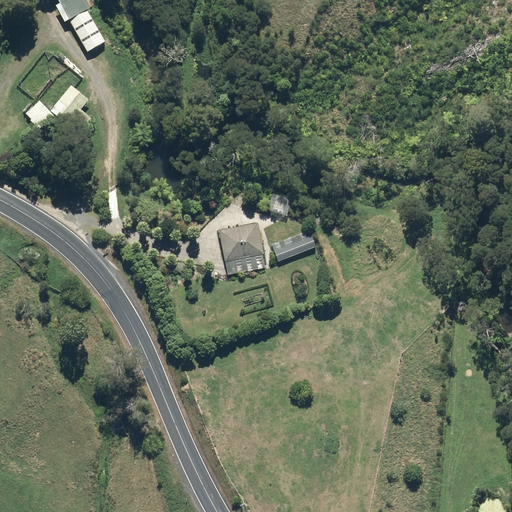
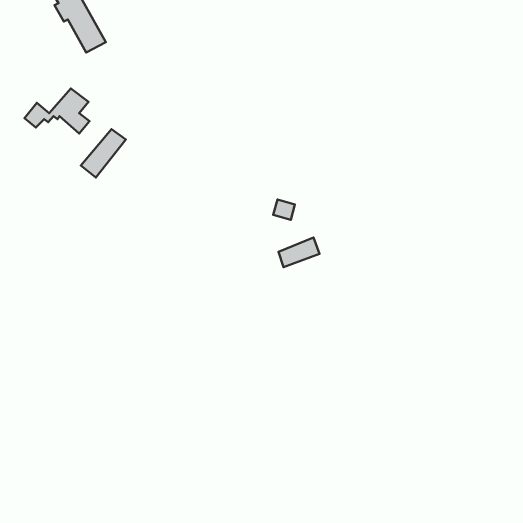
building: none -> [81,129,126,177]
building: [219,222,265,274] -> none

